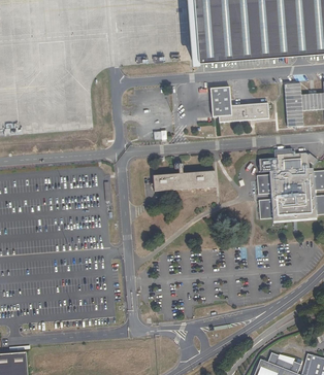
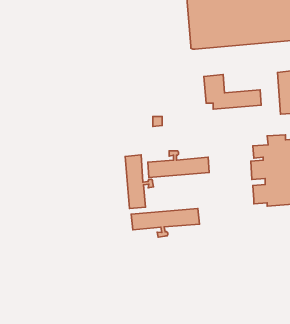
building: none -> [125,155,154,209]
building: none -> [131,209,199,237]

